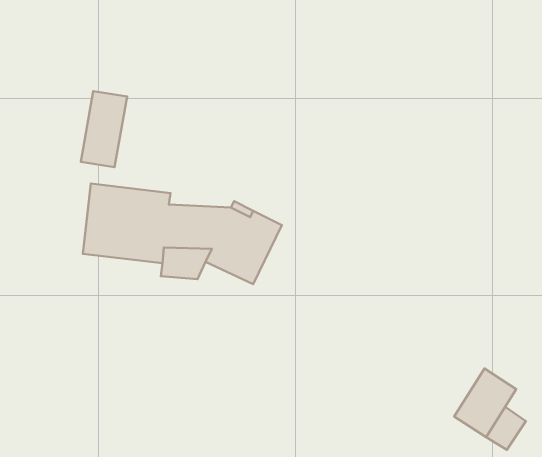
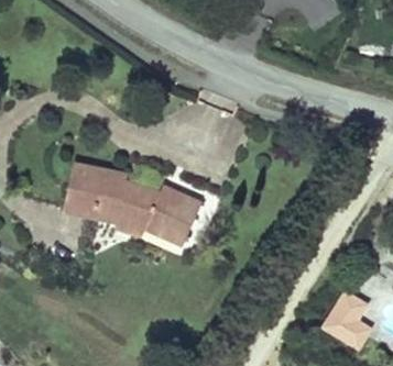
building: [81,91,127,167] -> none

